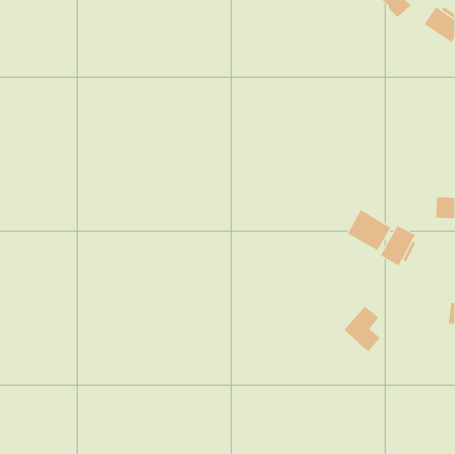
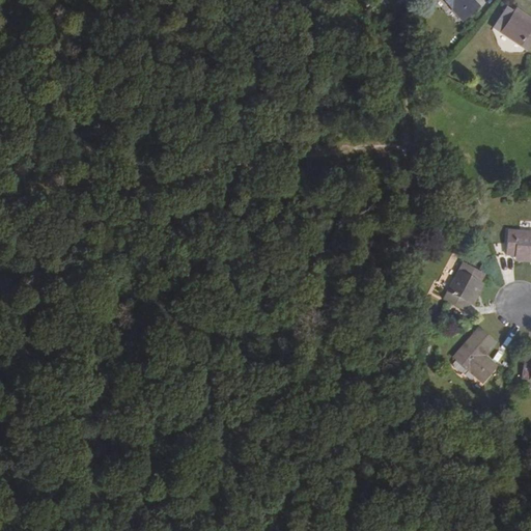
building: [347,209,391,251] -> none
building: [343,306,381,352] -> [453,328,497,382]

